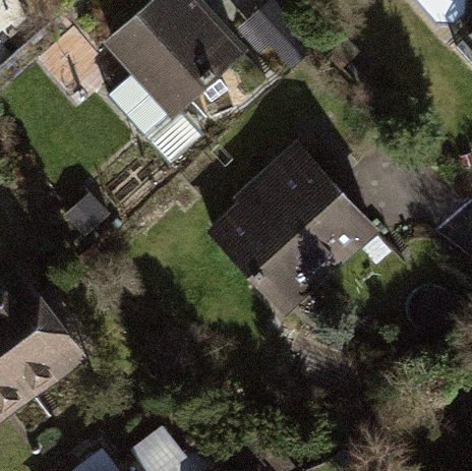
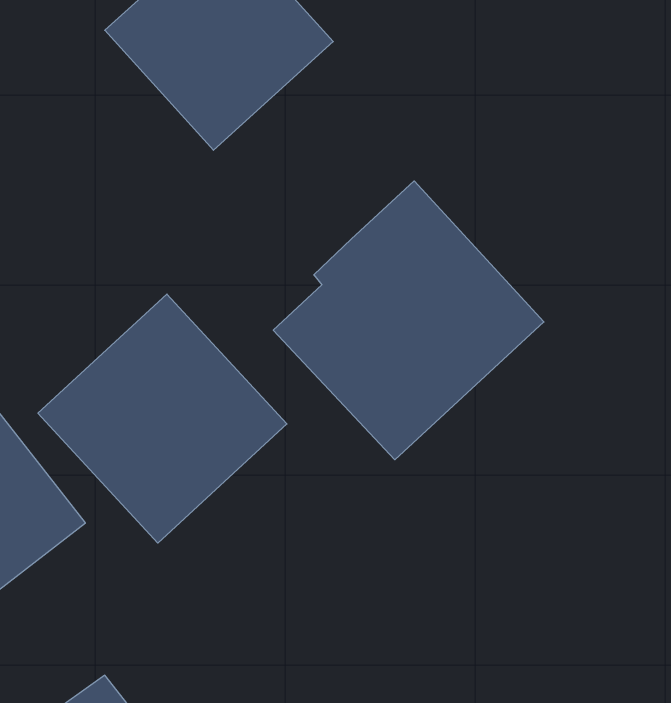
building: none -> [38,294,287,543]

